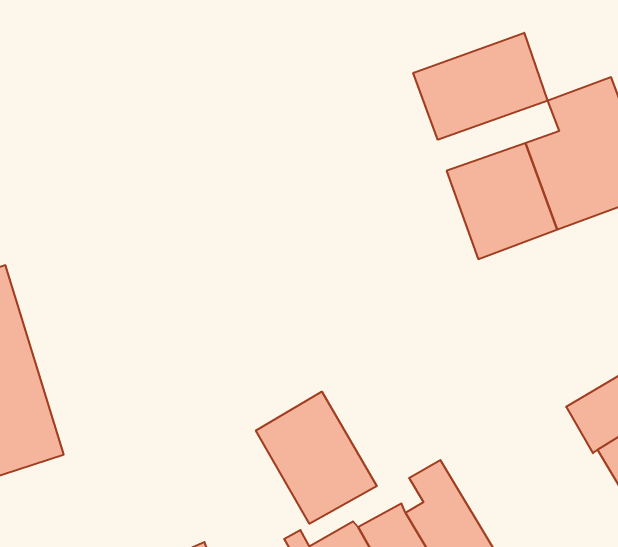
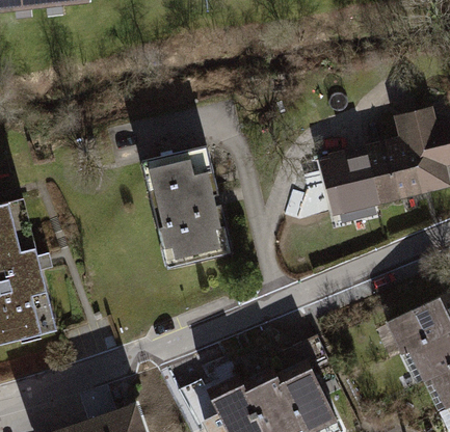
building: [413,33,547,140] -> none
building: none -> [143,150,232,271]
building: [256,392,377,524] -> none

